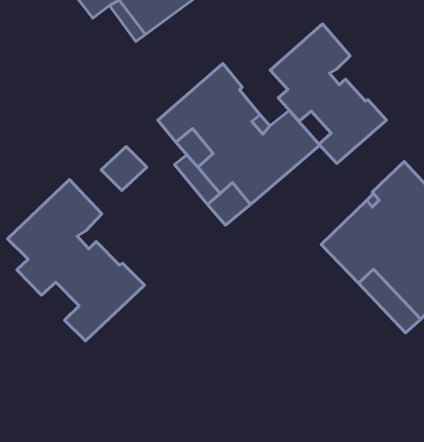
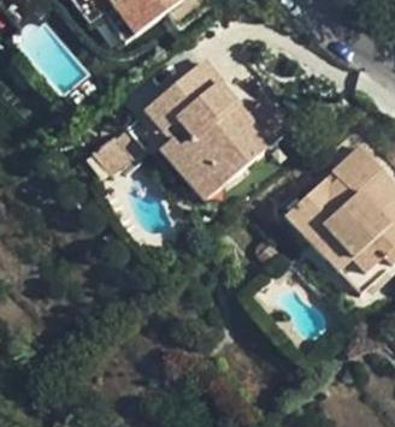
building: [270,24,387,163] -> none
building: [7,179,144,341] -> none

